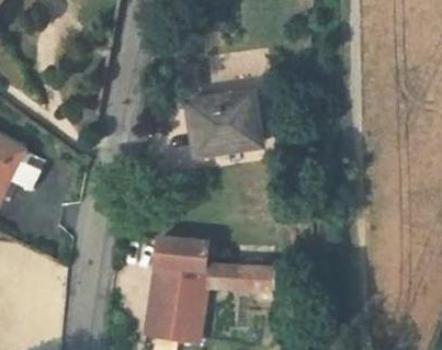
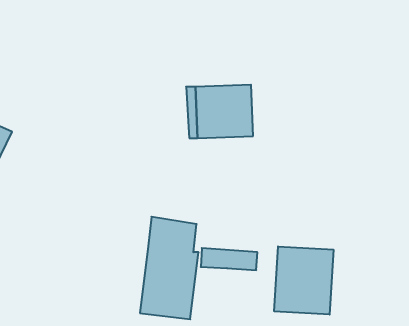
building: none -> [274,246,333,315]

